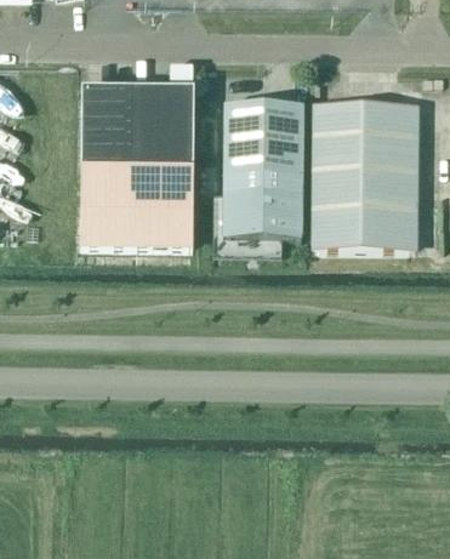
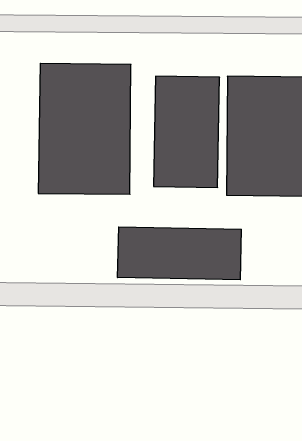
building: none -> [118,227,241,280]

